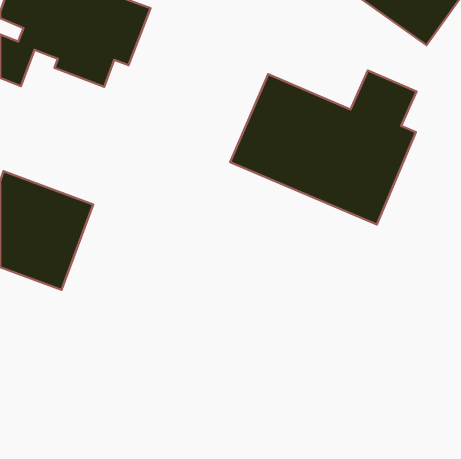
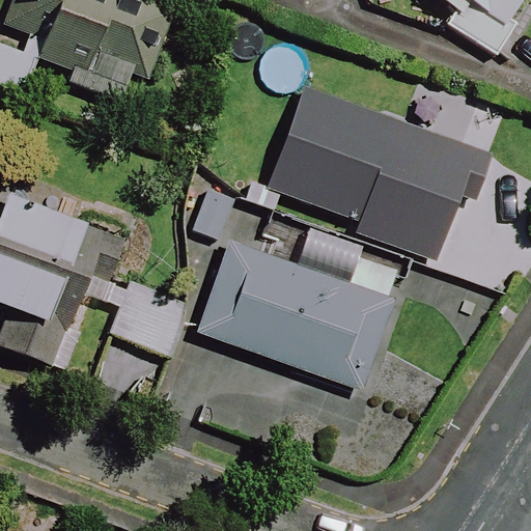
building: none -> [197,244,408,392]

